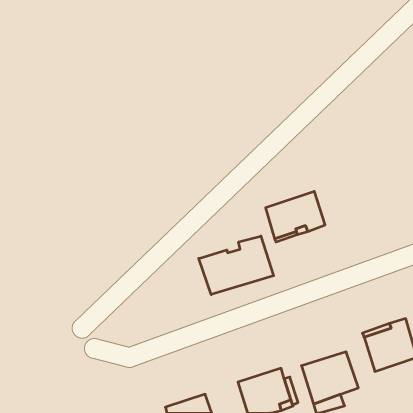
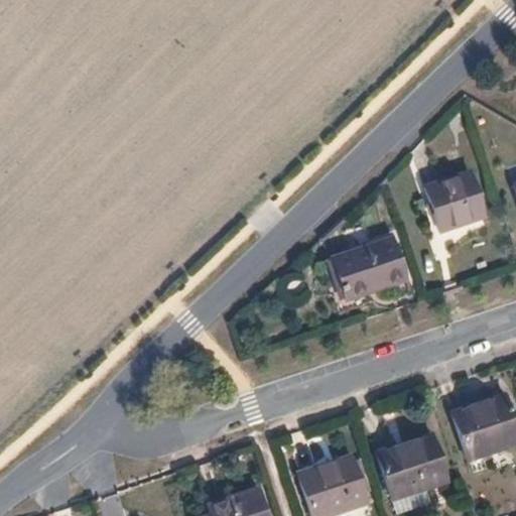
building: none -> [426,171,486,231]
building: [199,236,274,295] -> none

